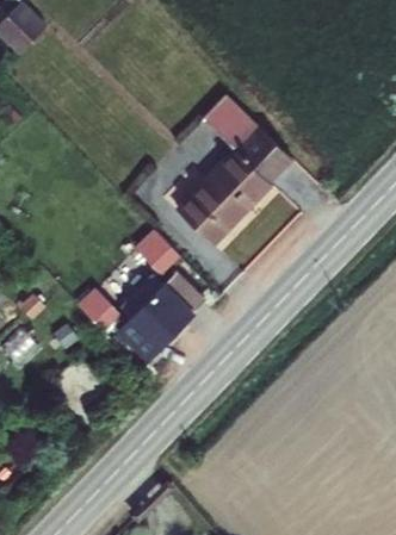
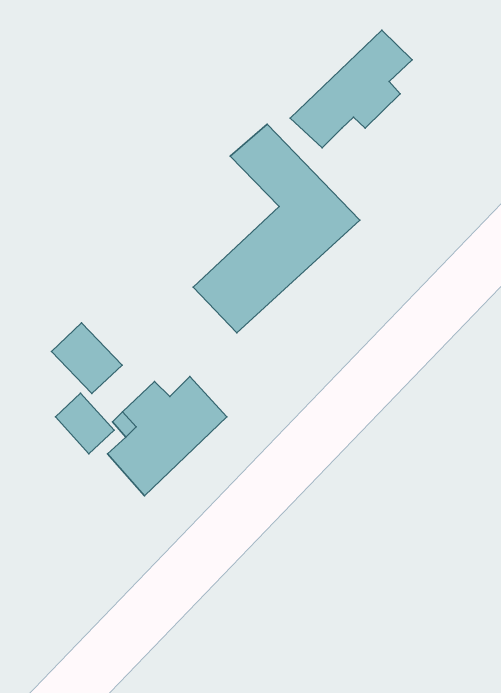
building: none -> [290,30,412,148]
building: [135,230,185,280] -> [51,323,122,394]

